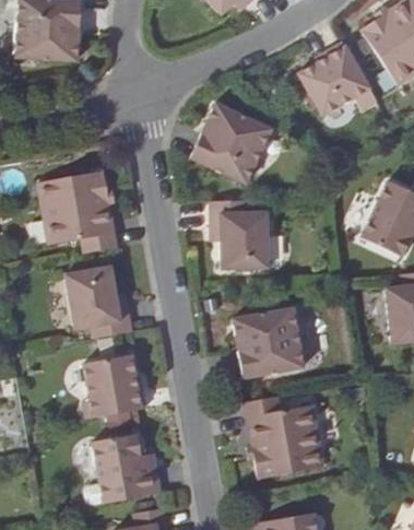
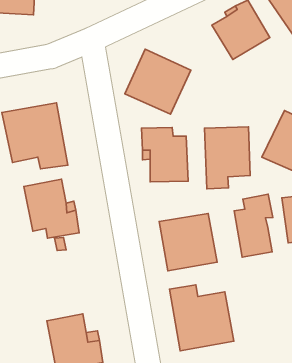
building: none -> [204,127,250,189]
building: none -> [234,194,273,257]
building: [83,355,146,417] -> none

